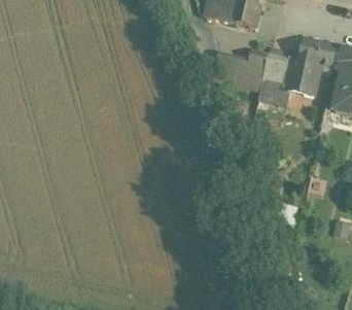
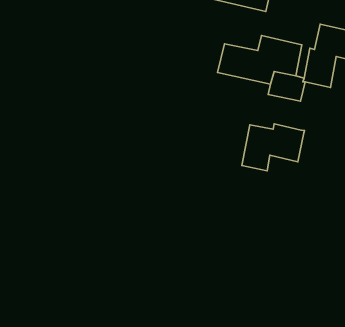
building: none -> [242,124,305,171]

